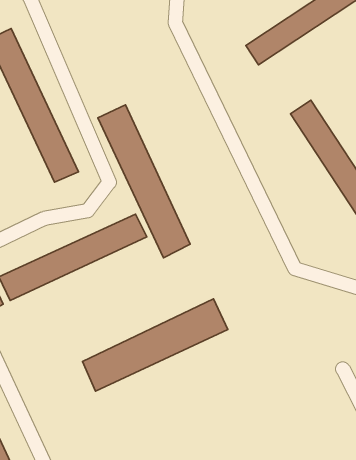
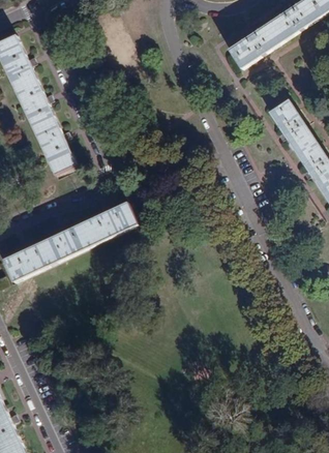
building: [98,105,190,258] -> none
building: [82,299,228,391] -> none

